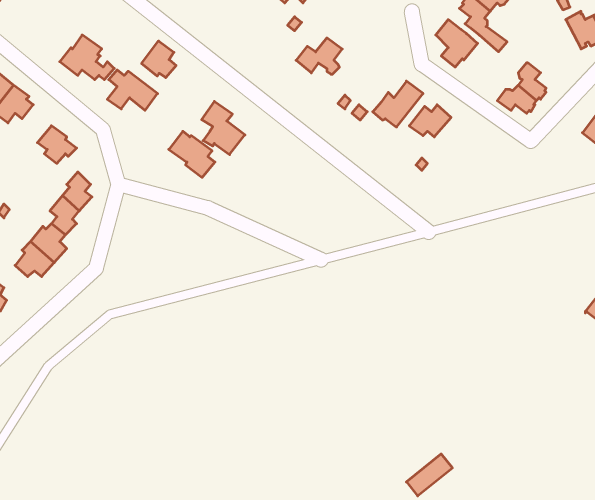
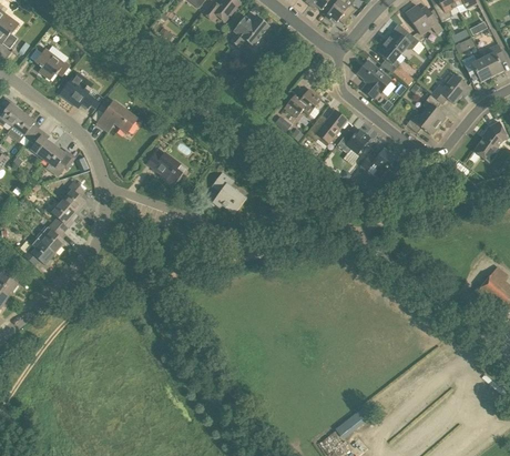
building: none -> [35,49,71,80]
building: none -> [430,74,469,103]
building: [296,38,342,74] -> [284,89,320,118]
building: [142,41,176,78] -> none
building: [202,101,245,155] -> [211,171,245,213]
building: none -> [24,128,52,158]
building: none -> [359,148,398,178]

